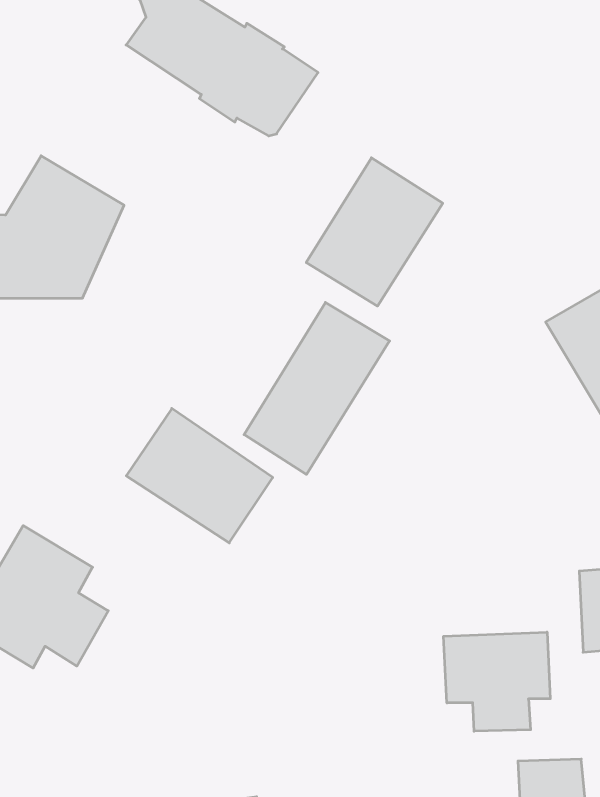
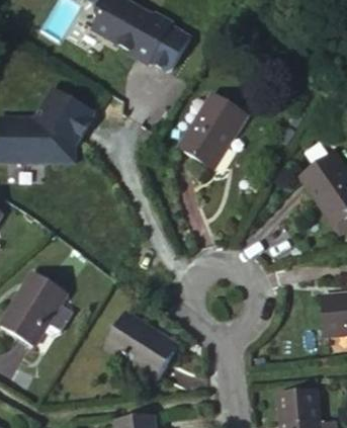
building: [244,302,390,474] -> none
building: [126,408,273,543] -> [106,308,181,376]
building: [444,632,550,731] -> none

